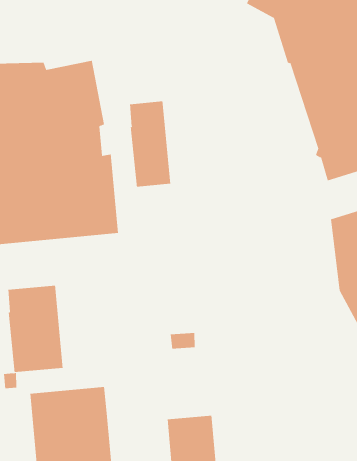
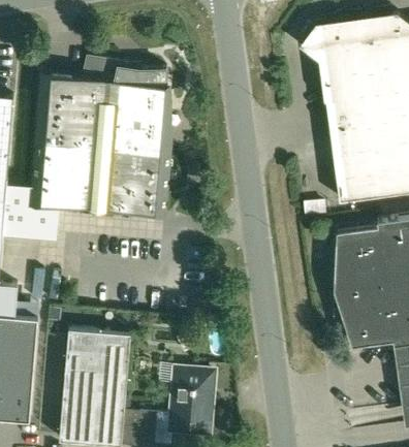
building: [129,100,171,187] -> none
building: [8,285,63,373] -> none

